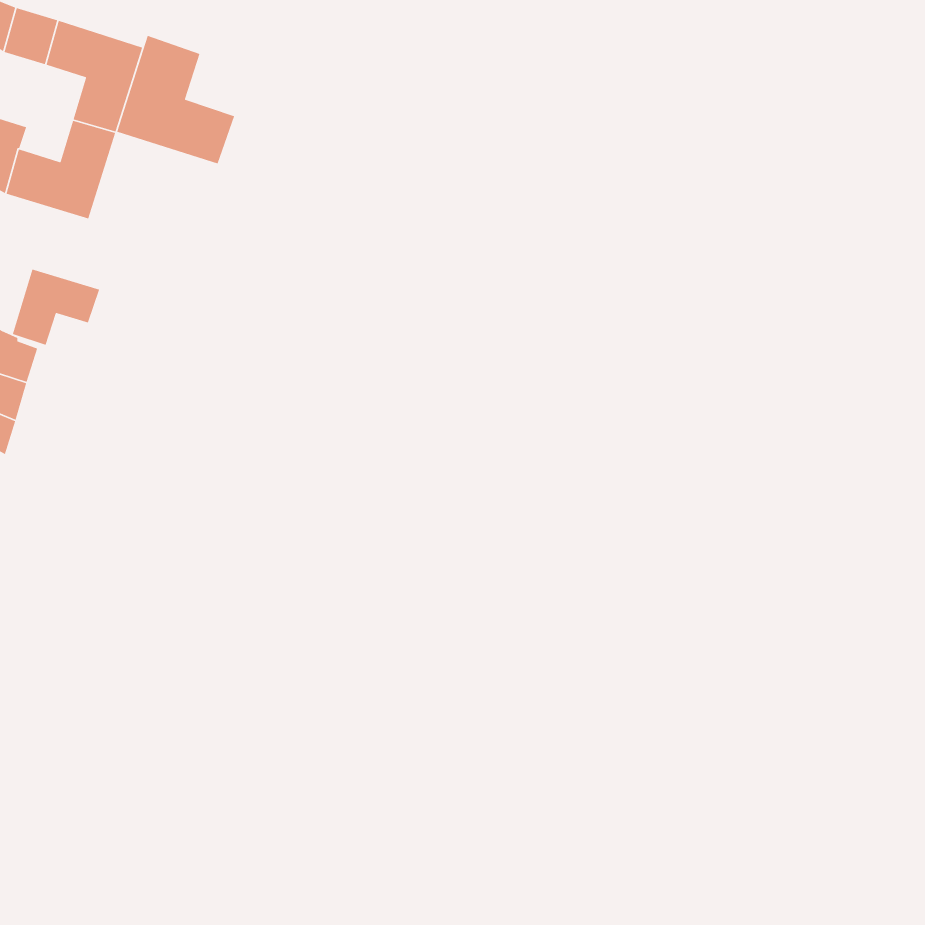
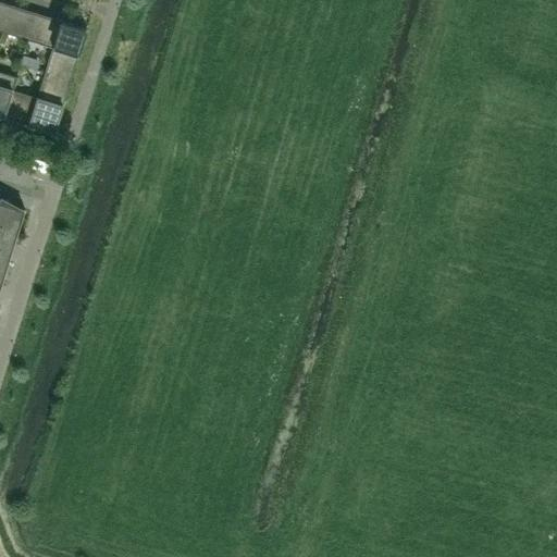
building: [116,35,235,165] -> none
building: [12,268,100,346] -> none

